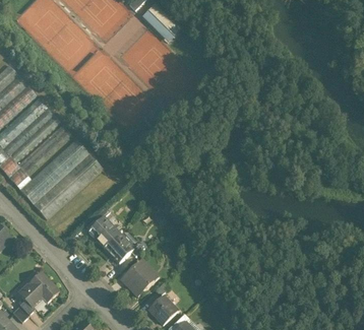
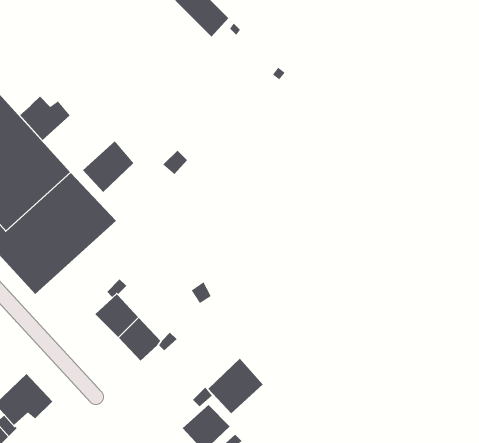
building: none -> [19,95,70,141]
building: none -> [82,140,134,193]
building: [119,259,158,298] -> [207,358,264,414]

